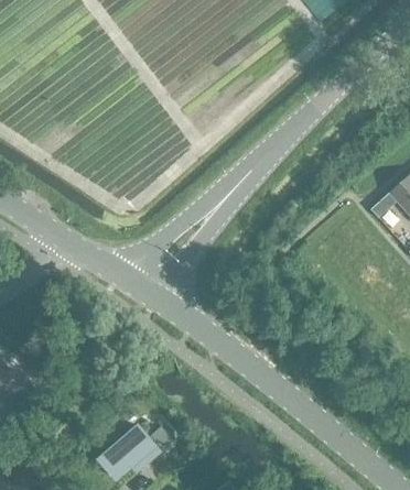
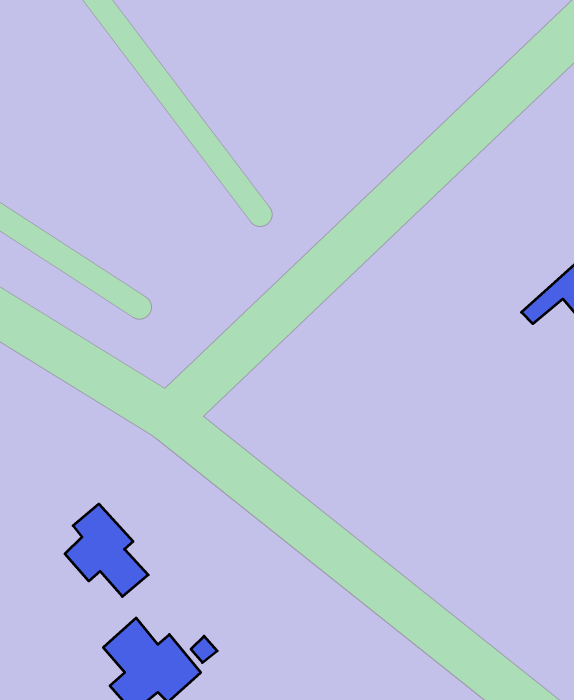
building: none -> [65,504,148,597]

